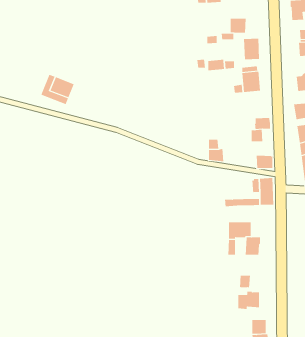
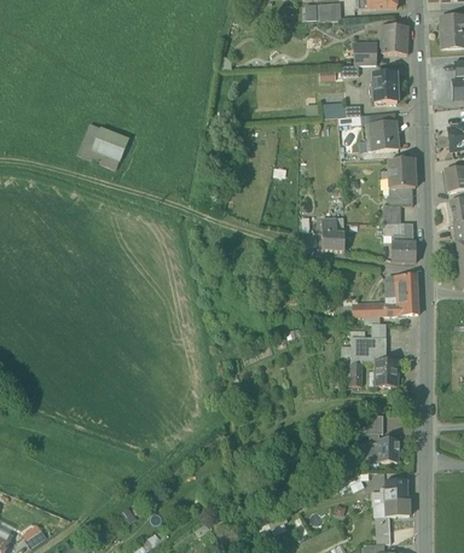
building: none -> [381,23,408,52]
building: none -> [388,158,414,187]
building: none -> [383,221,413,241]

